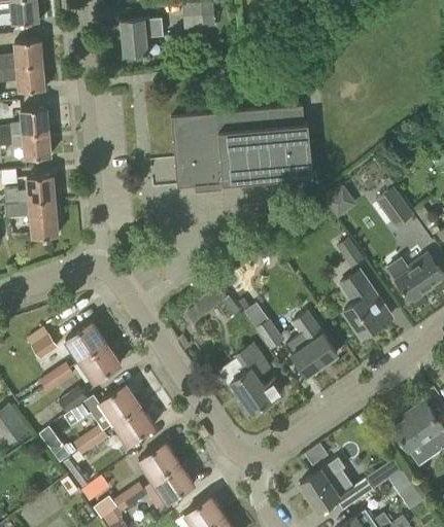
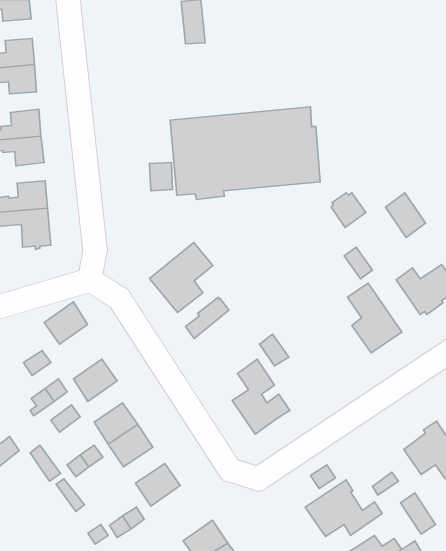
building: [119,19,163,56] -> none
building: none -> [149,242,213,313]
building: [285,310,337,376] -> none
building: [65,321,106,361] -> [44,302,88,344]
building: [152,462,194,502] -> none

